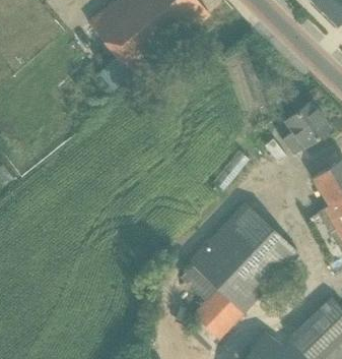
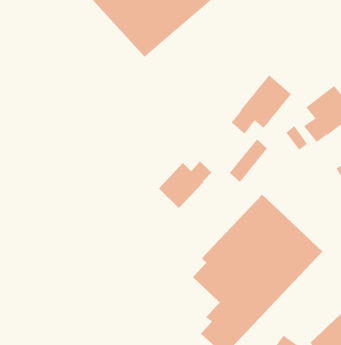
building: none -> [231,74,292,135]
building: none -> [158,160,212,209]

